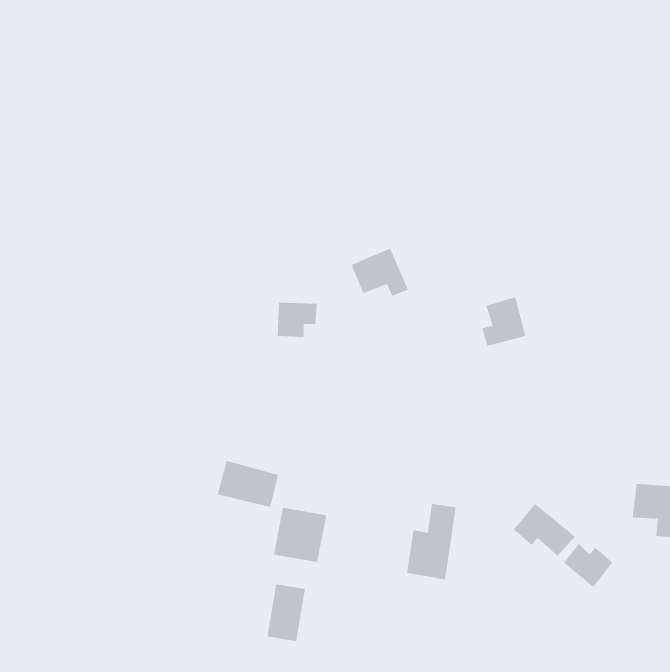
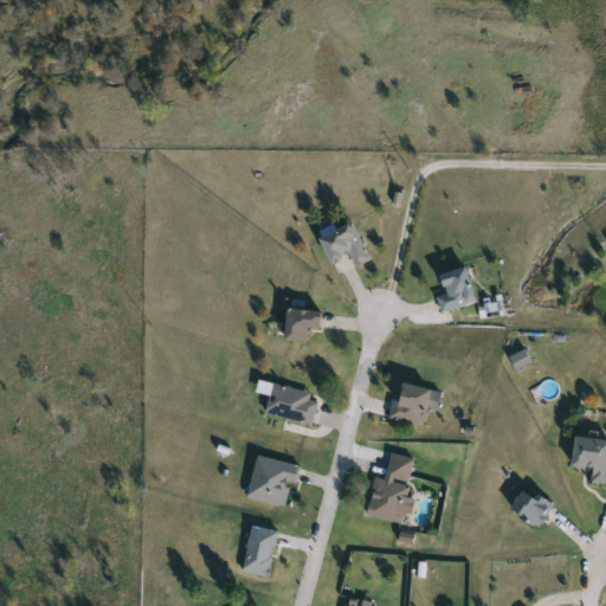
building: [277,302,318,338] -> [284,308,321,340]
building: none -> [391,381,431,424]
building: [217,460,279,508] -> [264,381,320,424]
building: [513,503,576,557] -> none

